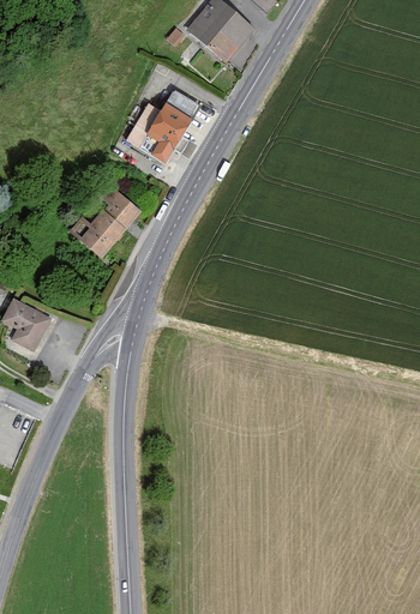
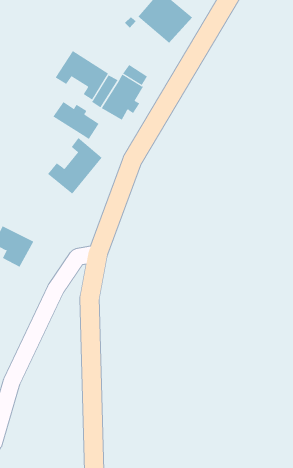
building: none -> [55,50,109,101]
building: none -> [52,101,100,140]

